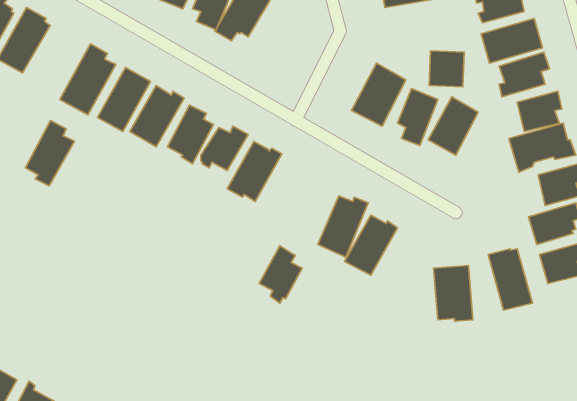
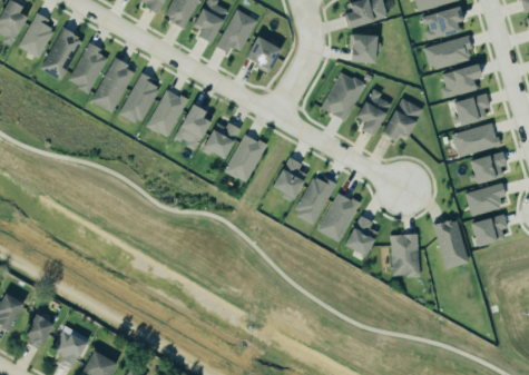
building: none -> [244,34,281,72]
building: [429,51,464,87] -> [351,34,379,63]
building: [26,120,74,186] -> [68,41,107,93]
building: none -> [343,215,376,255]
building: [259,246,302,303] -> [272,156,306,201]

